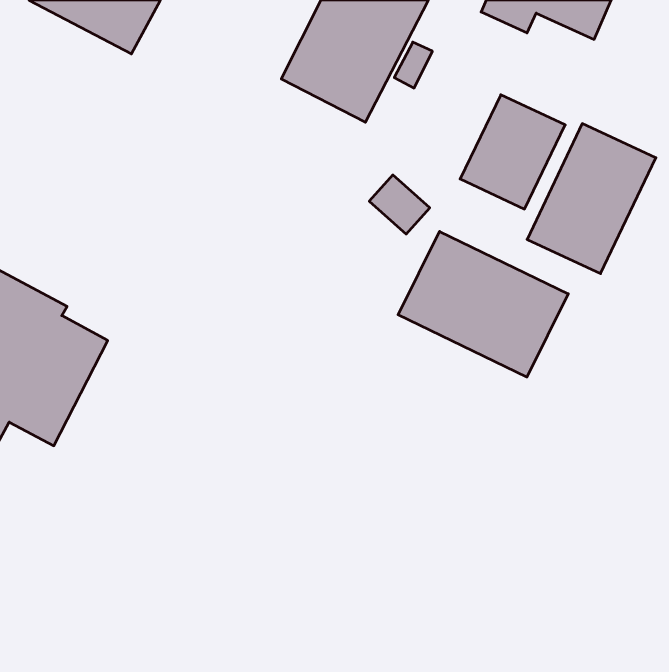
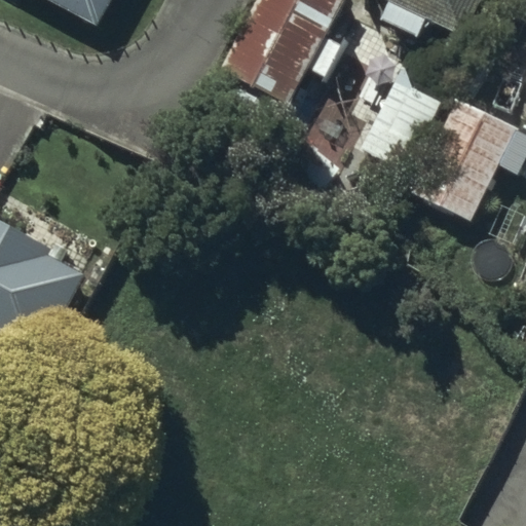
building: [398,231,568,377] -> none

